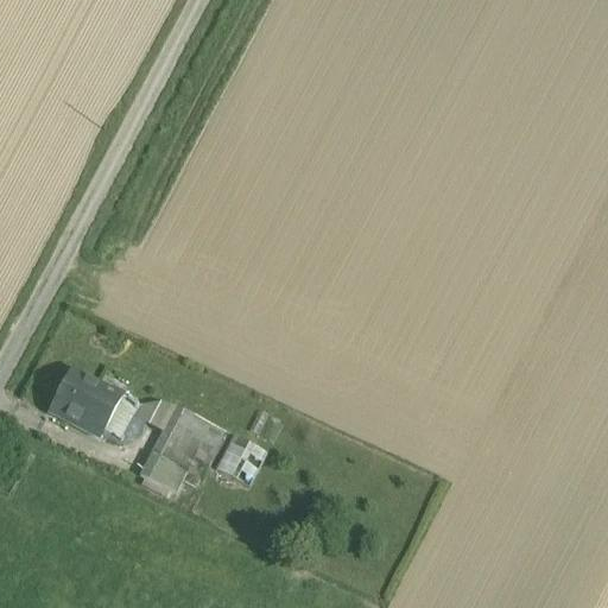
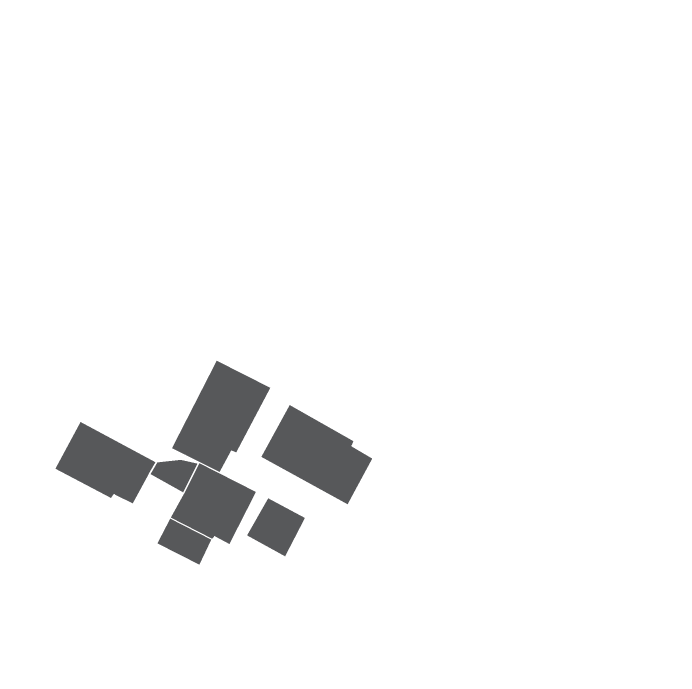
building: none -> [171,360,271,473]
building: none -> [261,404,373,505]

